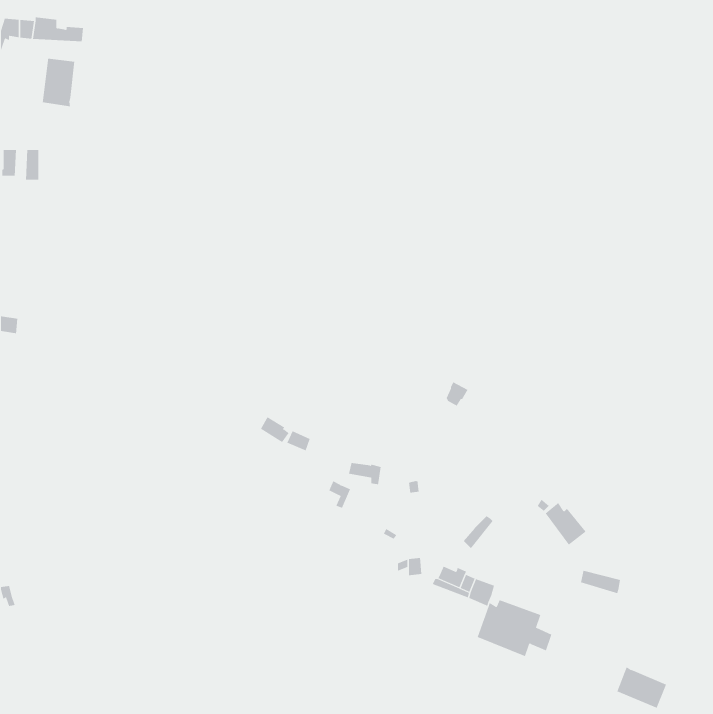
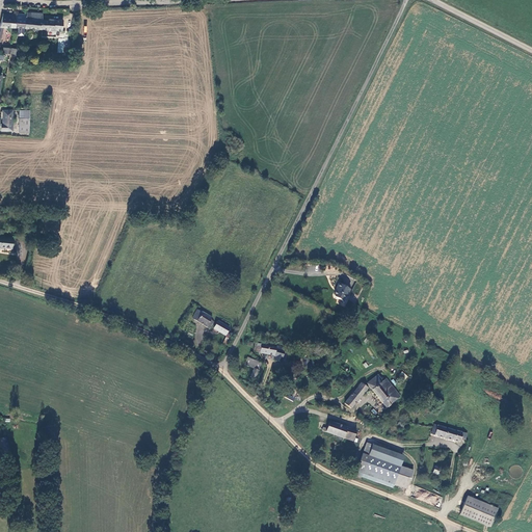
building: [42,58,75,107] -> none
building: [545,502,587,546] -> [369,374,400,406]

